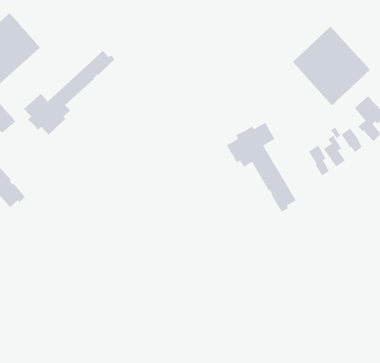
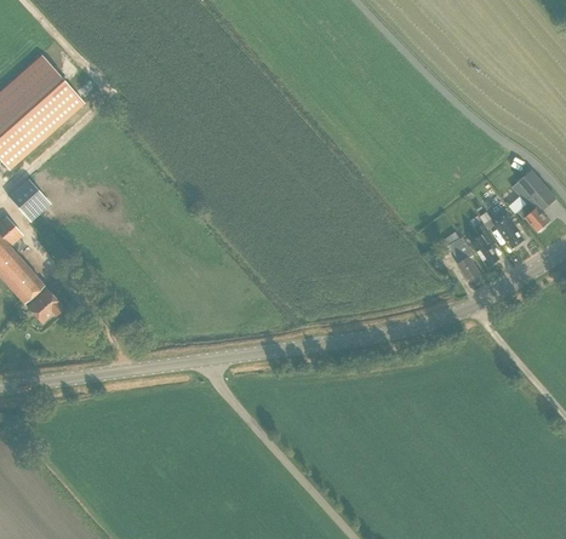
building: [292,26,371,106] -> none
building: [23,50,115,135] -> none
building: [226,122,297,212] -> none

